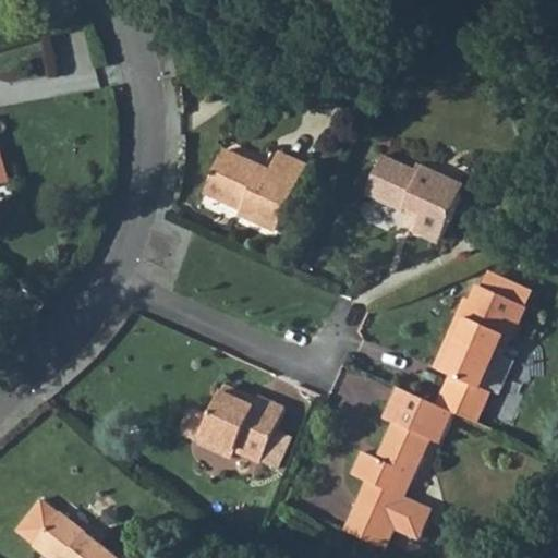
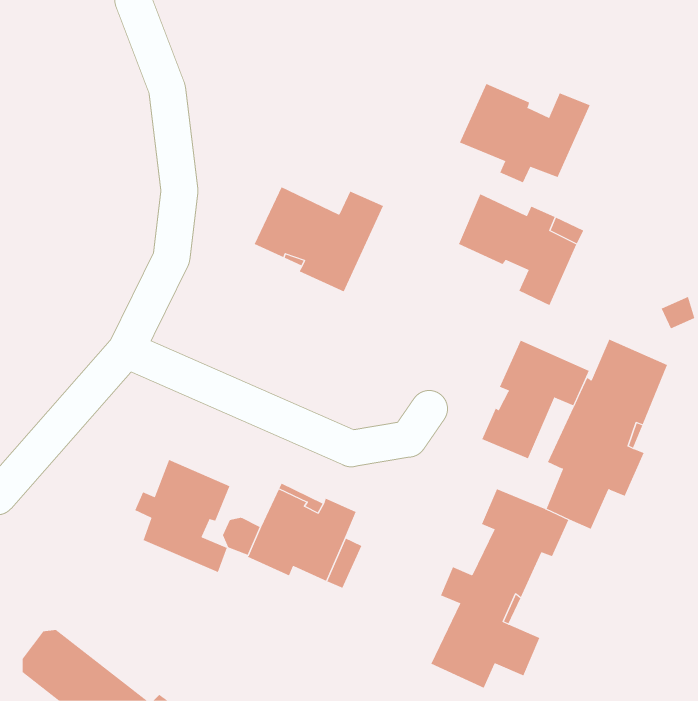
building: none -> [459,83,590,183]
building: none -> [481,340,590,459]
building: none -> [135,459,230,573]

